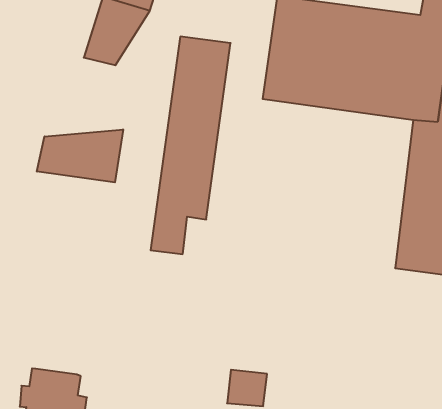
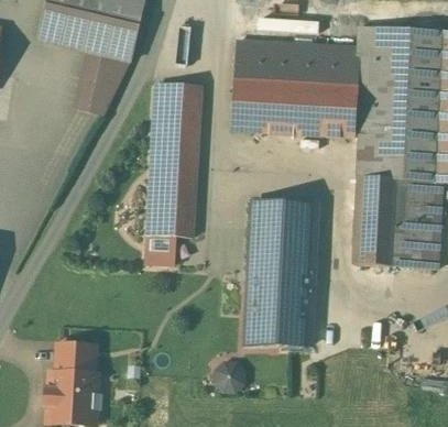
building: [37,129,123,182] -> none
building: none -> [251,200,316,342]
building: none -> [56,343,92,373]

